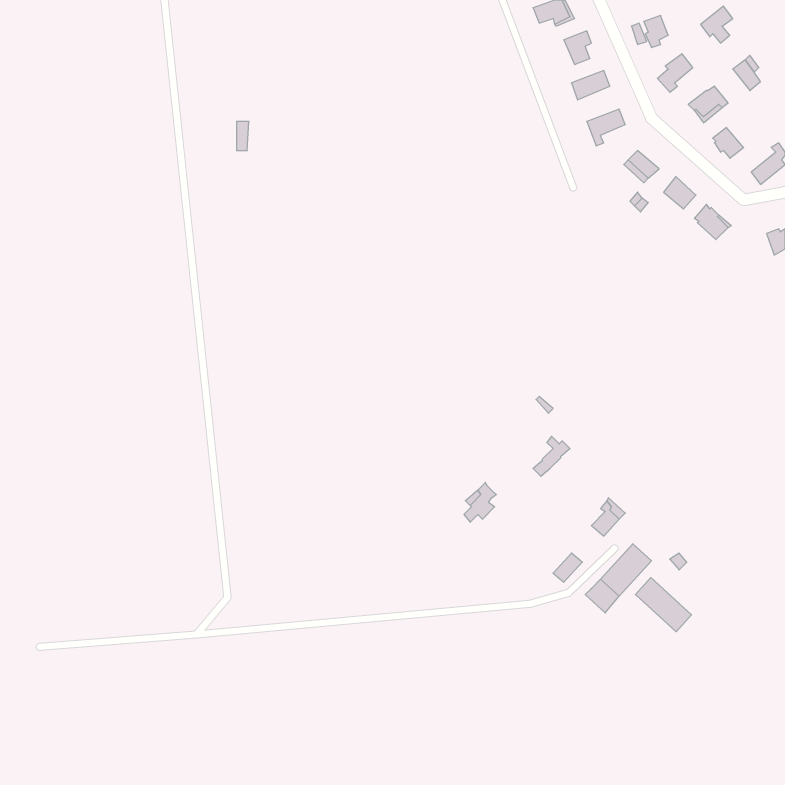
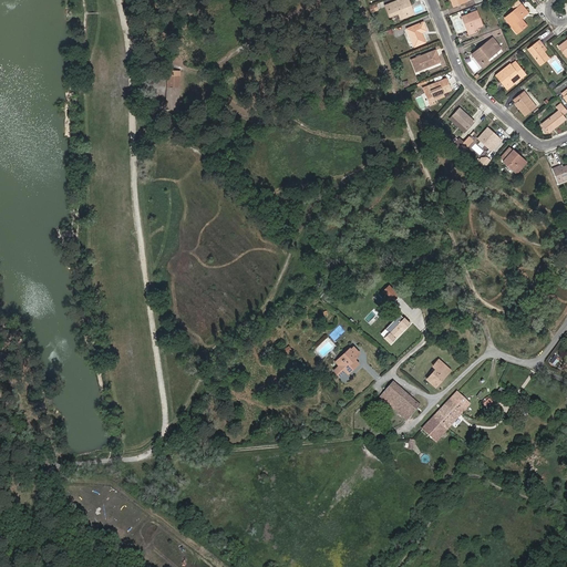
building: none -> [381,383,412,413]
building: [635,578,691,632] -> none

